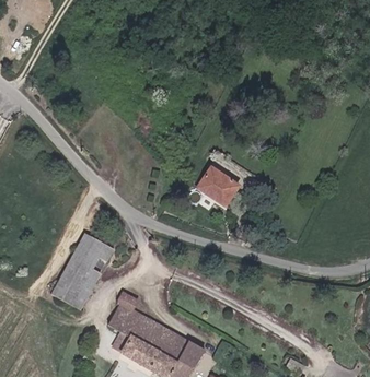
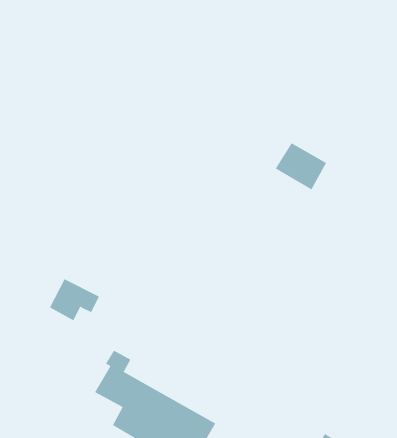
building: [197,166,239,204] -> [275,142,327,190]
building: [51,258,99,309] -> none

